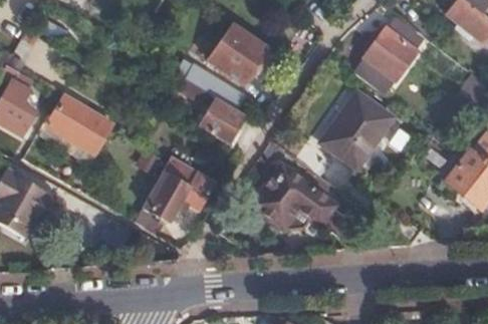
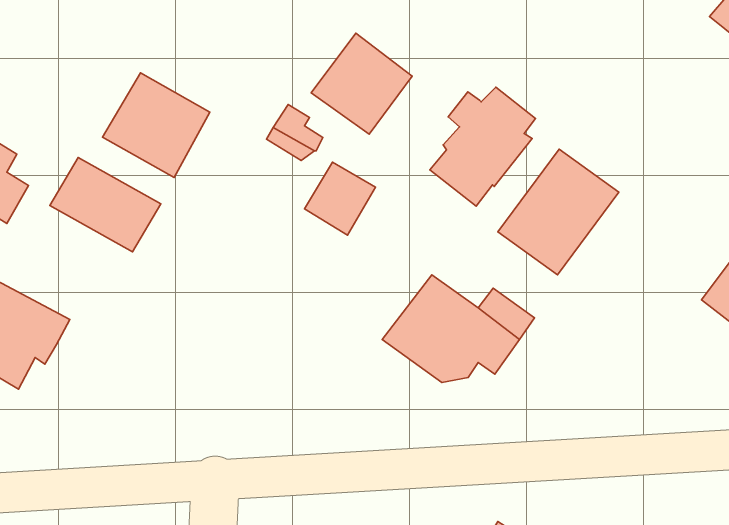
building: [354,19,419,91] -> [430,87,536,206]
building: none -> [102,73,210,177]
building: [147,160,215,221] -> none

